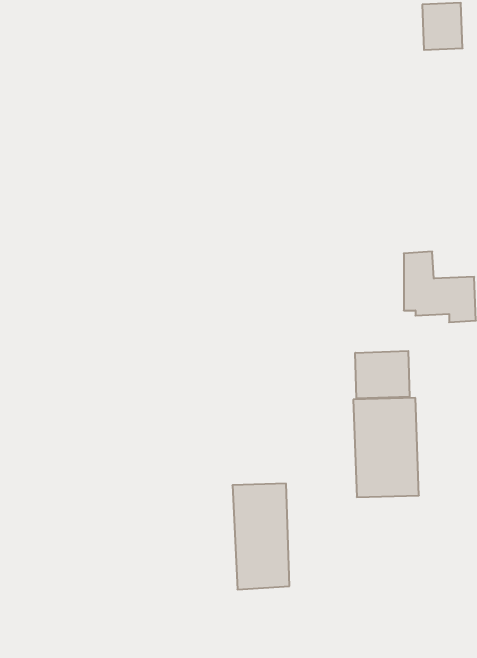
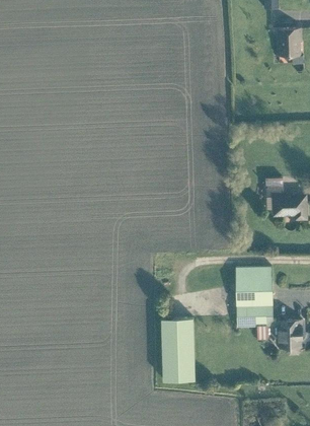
building: [355,351,410,399] -> none
building: none -> [277,318,301,352]

